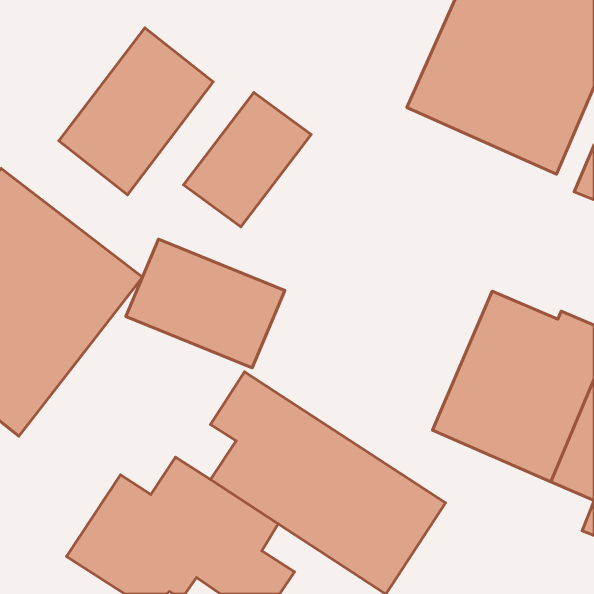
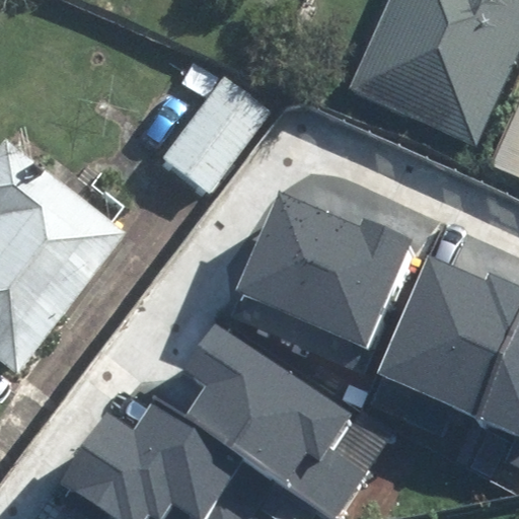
building: [59,28,213,195] -> none
building: none -> [226,191,414,370]
building: [126,239,285,368] -> none

